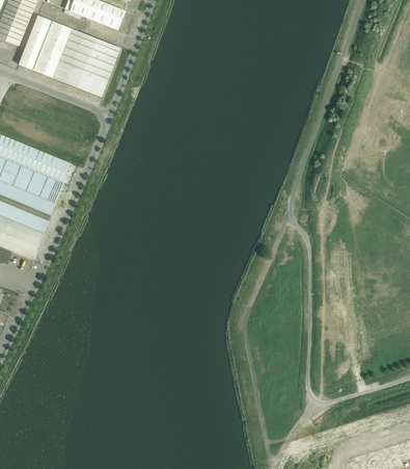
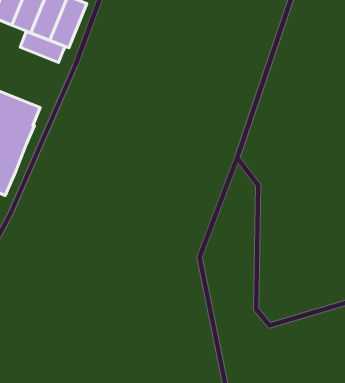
building: none -> [20,31,65,63]

